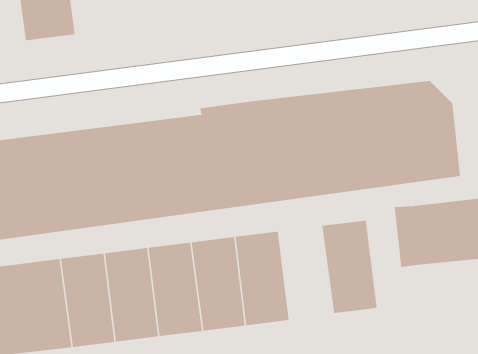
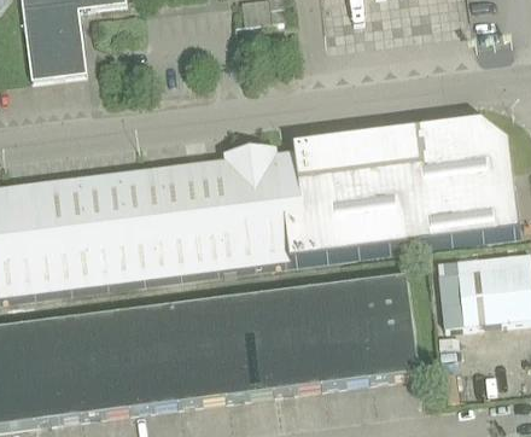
building: none -> [310,280,370,384]

